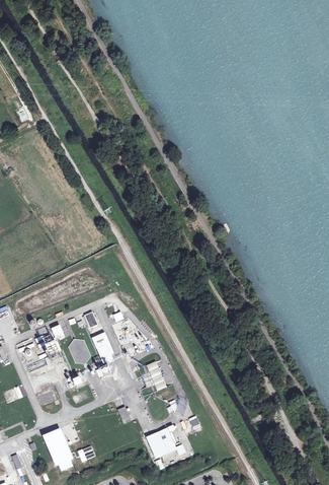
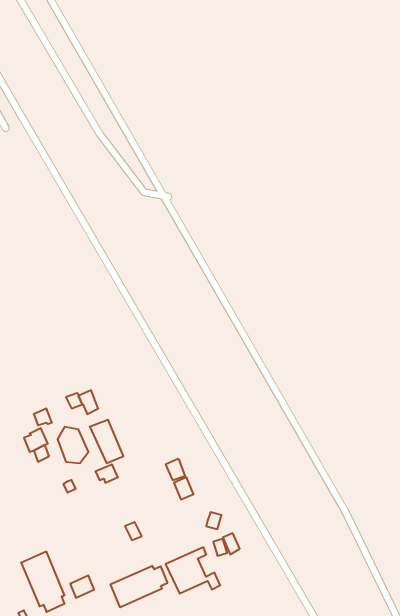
building: none -> [111,566,167,607]

